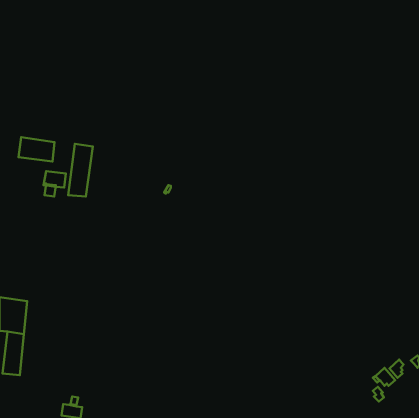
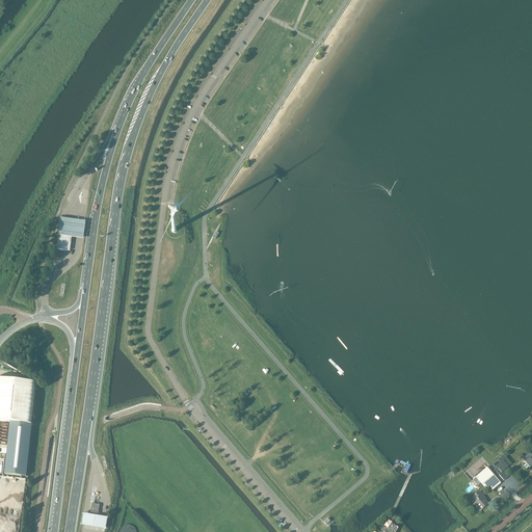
building: [18,137,55,162] -> none
building: [68,144,93,197] -> none

